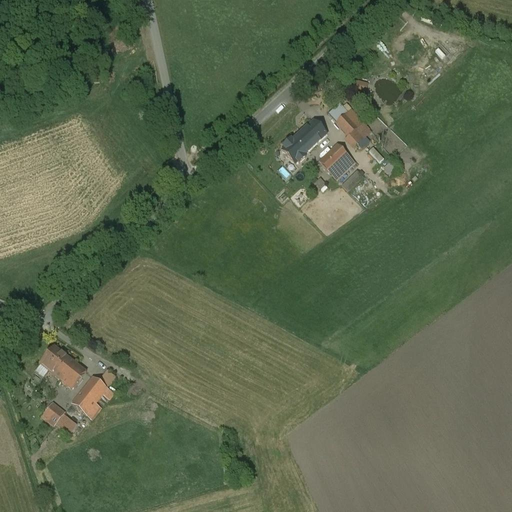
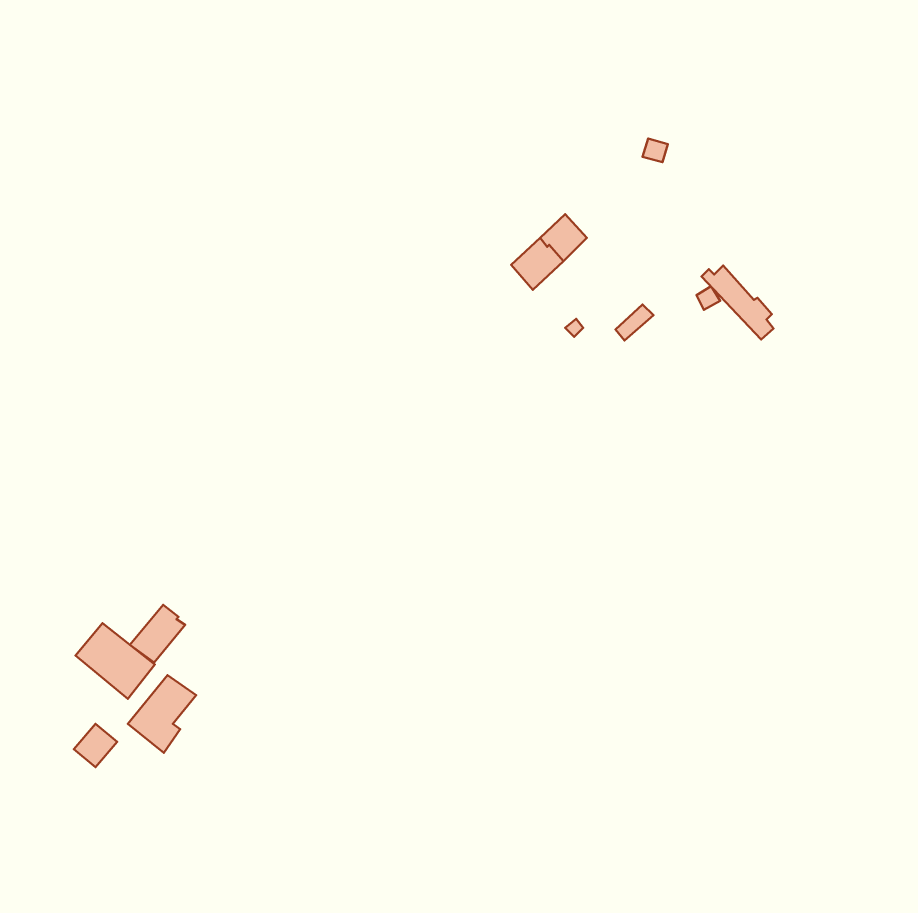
building: [329,107,369,148] -> [702,266,774,339]
building: [321,144,352,175] -> none
building: none -> [130,605,185,662]

